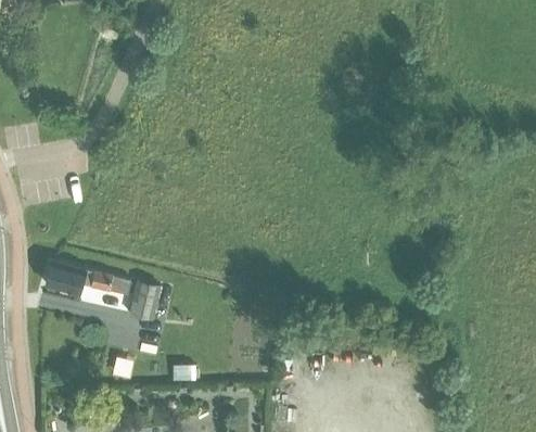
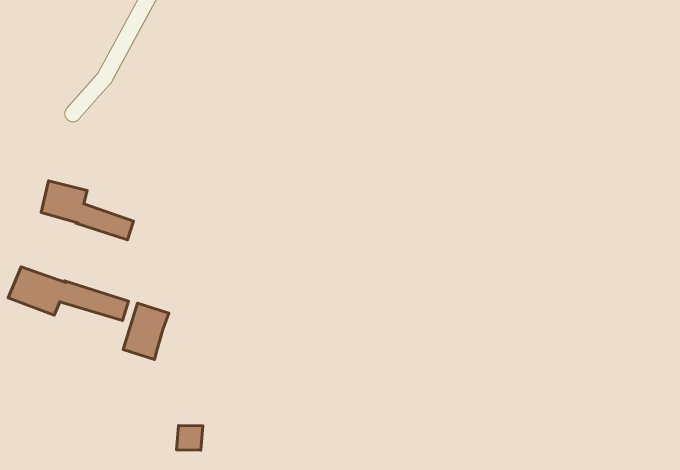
building: none -> [41,181,133,240]

